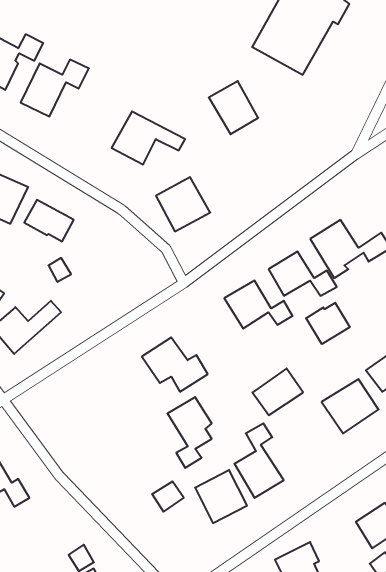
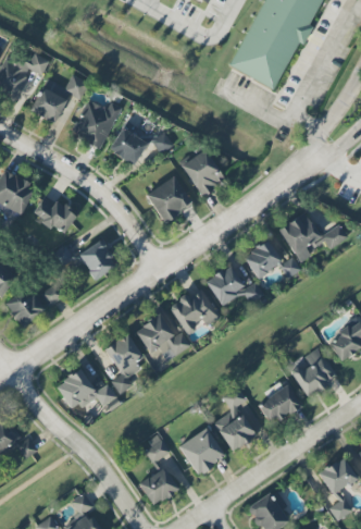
building: [209,81,258,134] -> [183,150,225,196]
building: none -> [73,99,122,148]
building: none -> [78,241,117,281]
building: [306,303,350,344] -> none
building: none -> [170,287,221,332]
building: [252,368,303,415] -> [258,385,301,426]
building: [167,397,212,468] -> [104,334,142,395]
building: none -> [57,370,116,409]
building: none -> [139,468,178,506]

